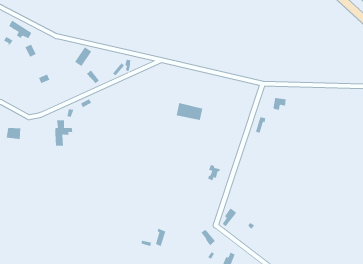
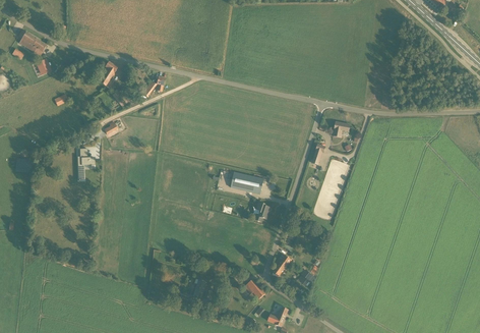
building: [176,103,203,121] -> [230,172,262,193]

